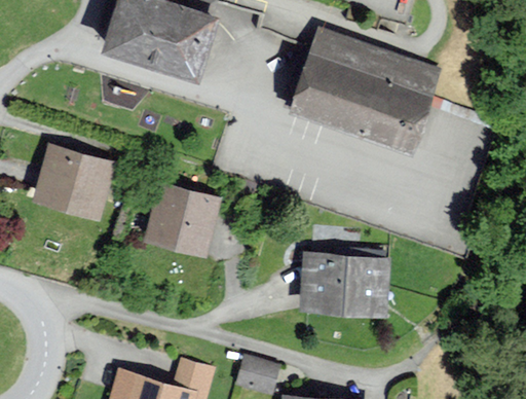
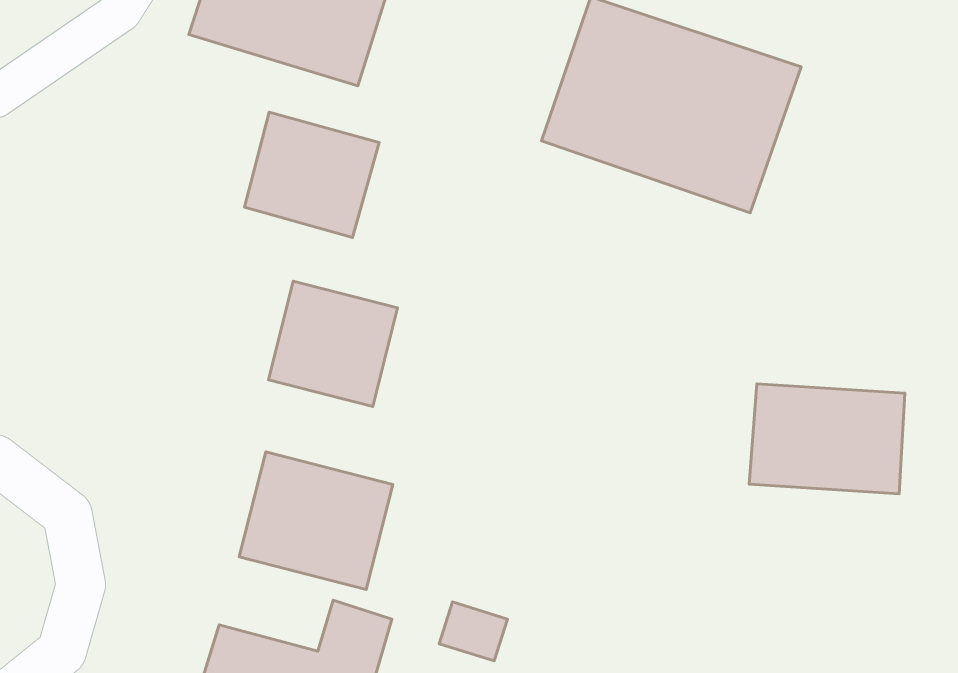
building: [37,147,110,215] -> [245,112,379,238]
building: [302,254,386,314] -> [749,384,905,494]
building: none -> [239,452,393,590]

